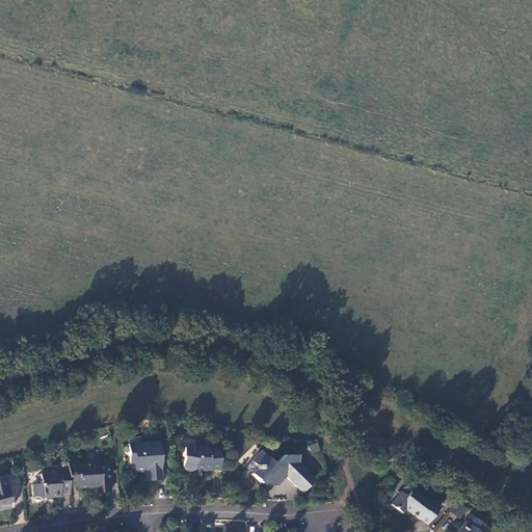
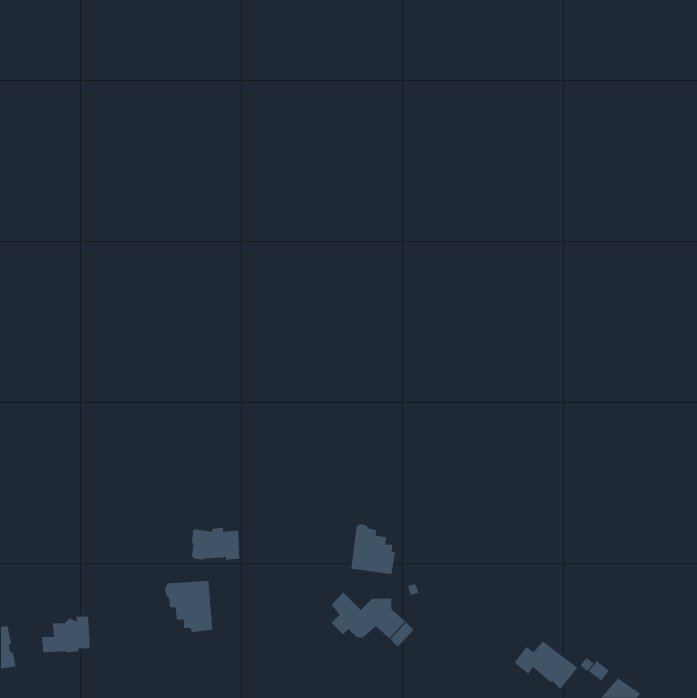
building: none -> [351,523,396,575]
building: [184,445,221,470] -> [191,527,240,560]
building: [68,461,111,493] -> none

